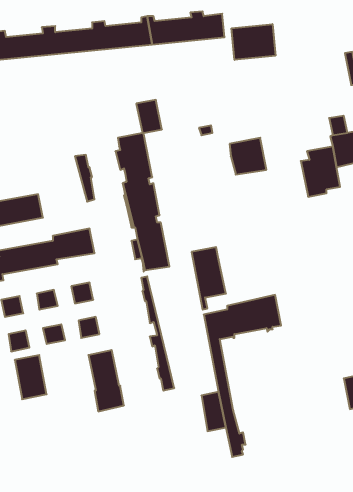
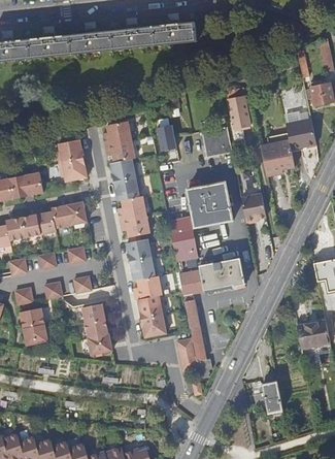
building: [232,24,275,60] -> none
building: [136,100,162,133] -> [158,122,179,150]
building: none -> [229,94,250,127]
building: none -> [57,140,81,181]
building: none -> [187,181,233,227]
building: none -> [240,192,266,222]
building: none -> [132,238,168,335]
building: none -> [262,380,282,412]

